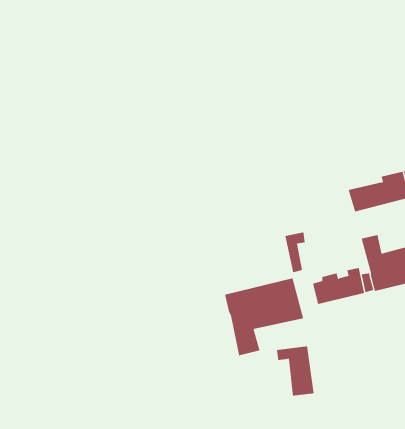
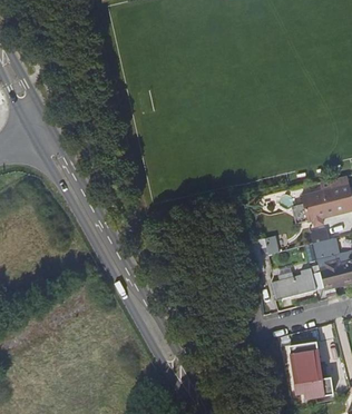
building: [225,277,304,356] -> none
building: [276,346,314,396] -> [292,353,324,395]

